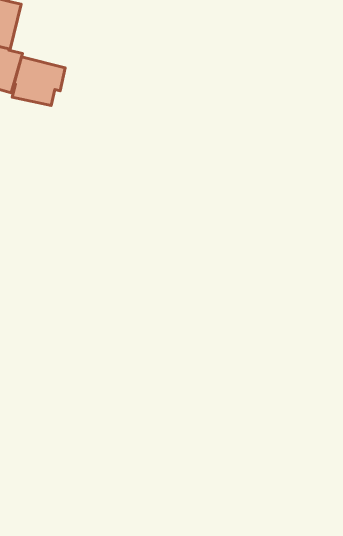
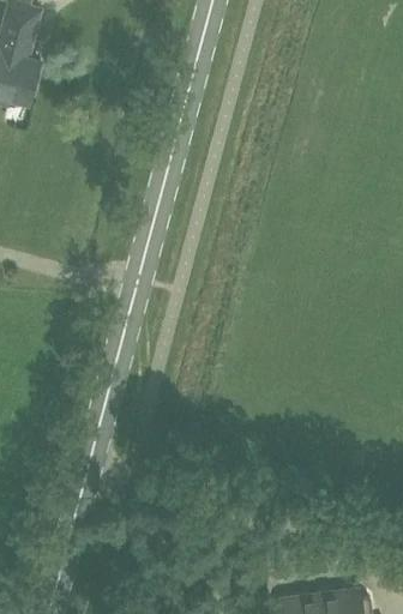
building: [12,57,65,106] -> none

